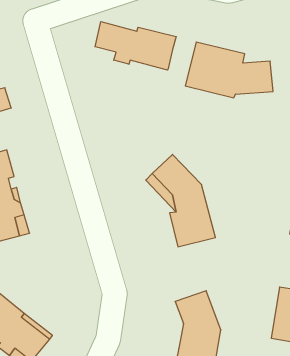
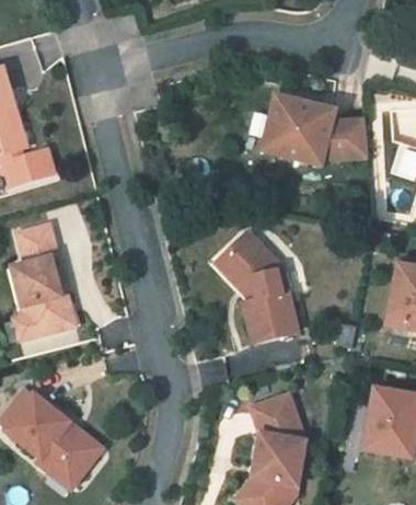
building: [95,22,176,70] -> none

